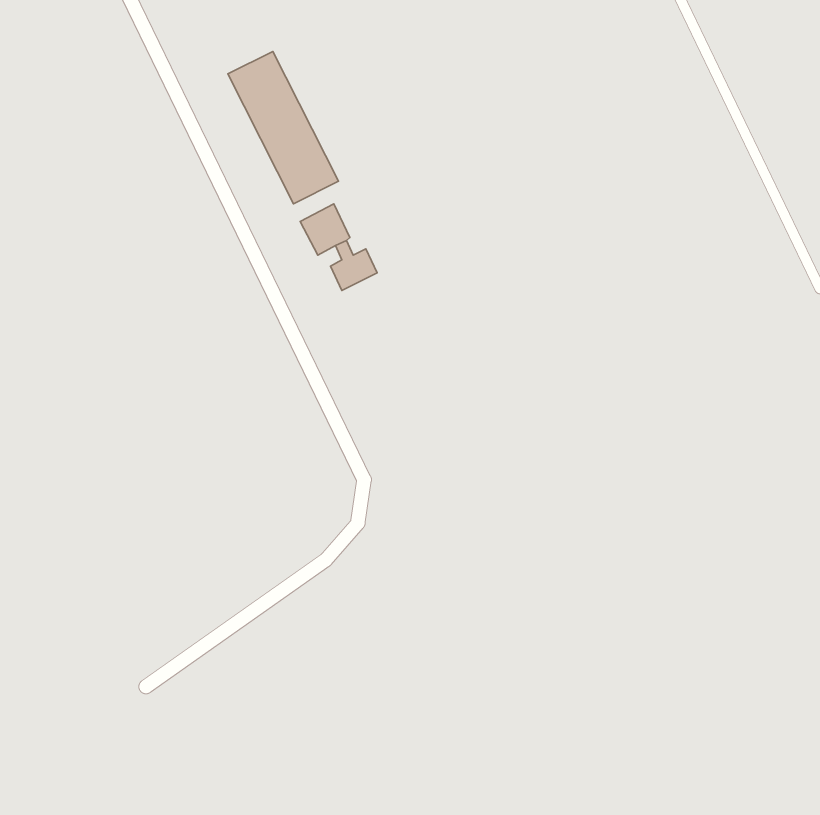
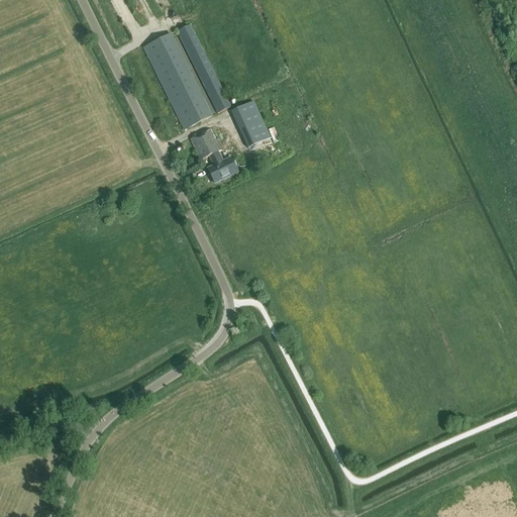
building: none -> [177,23,231,112]
building: none -> [231,100,272,147]

